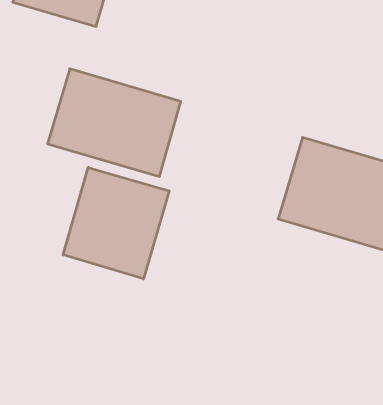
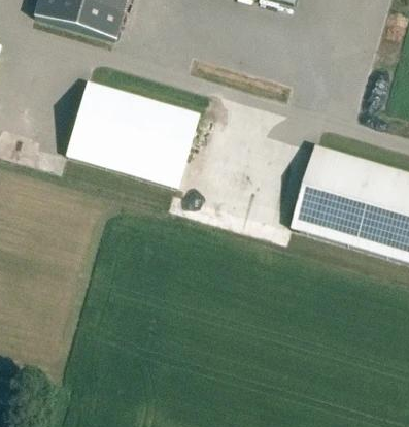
building: [63,167,169,279] -> none

